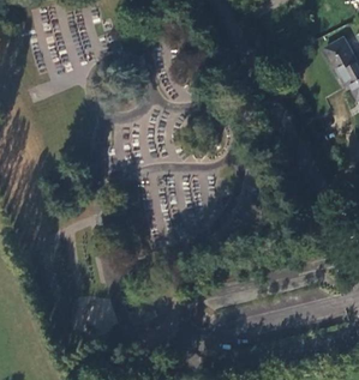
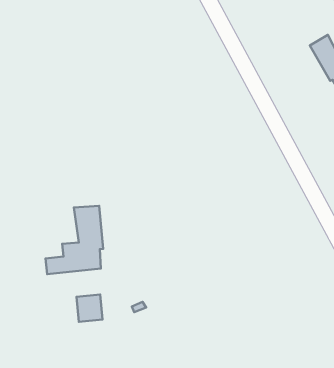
building: none -> [46,206,103,274]

